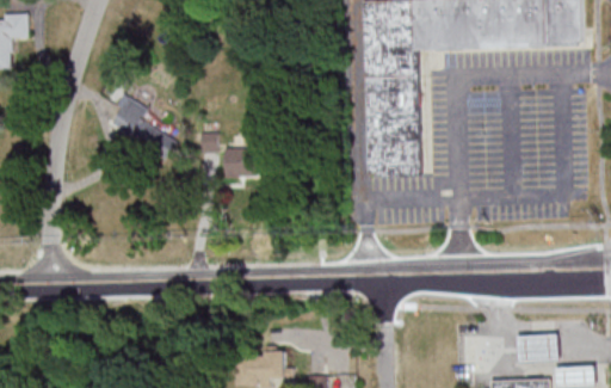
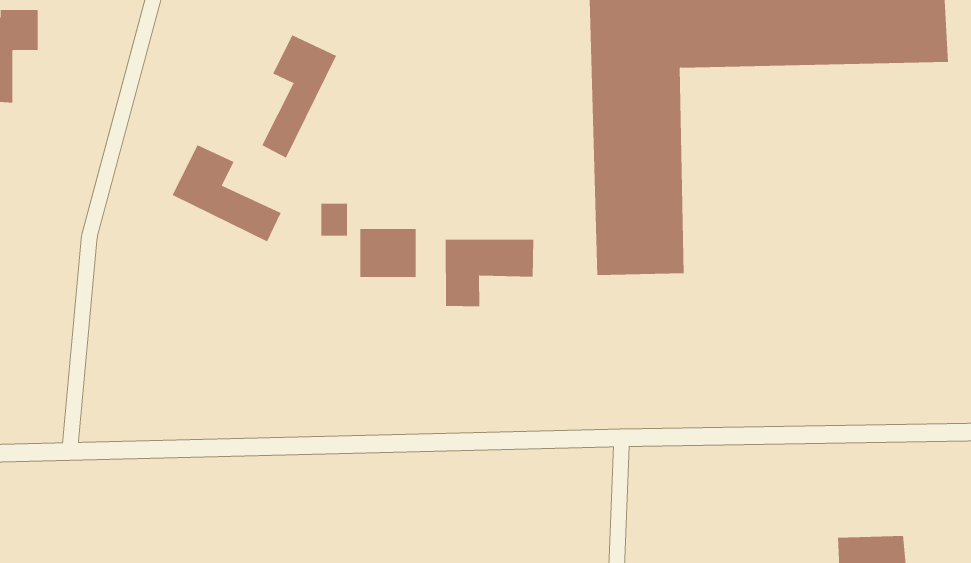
building: none -> [261,34,337,158]
building: none -> [445,239,534,307]

